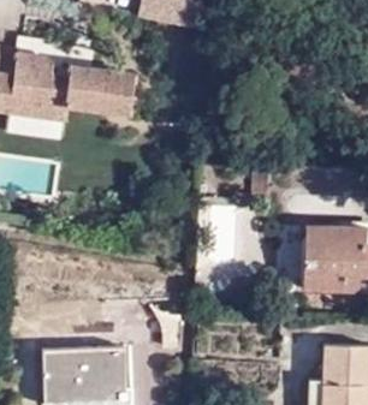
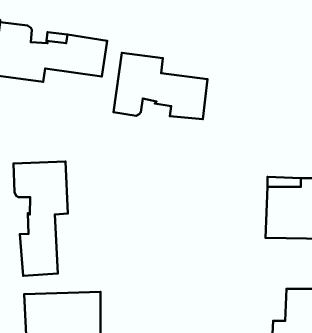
building: none -> [113,53,208,119]
building: none -> [13,161,68,276]

